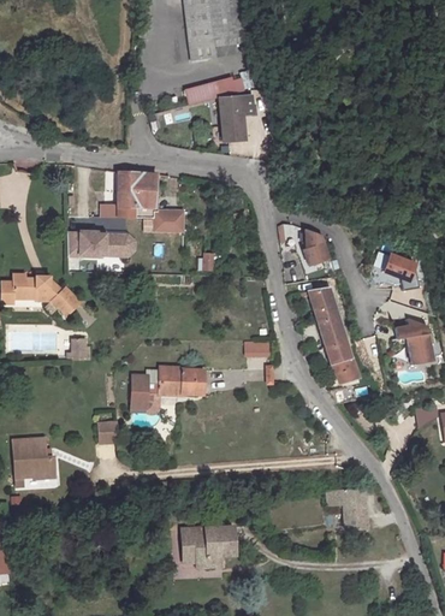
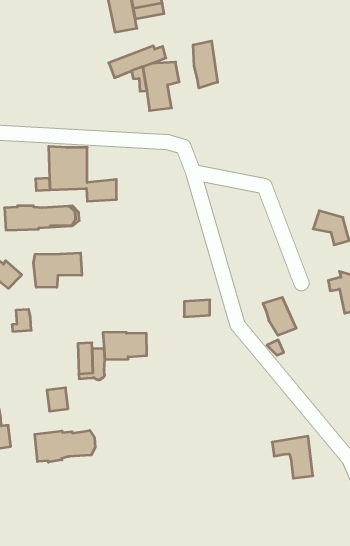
building: none -> [193,41,218,88]
building: [304,229,330,263] -> none
building: none -> [34,253,82,287]
building: [309,288,346,348] -> none
building: none -> [35,430,95,462]
building: [182,527,235,567] -> none

